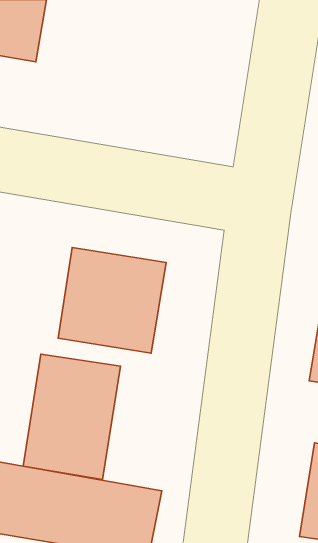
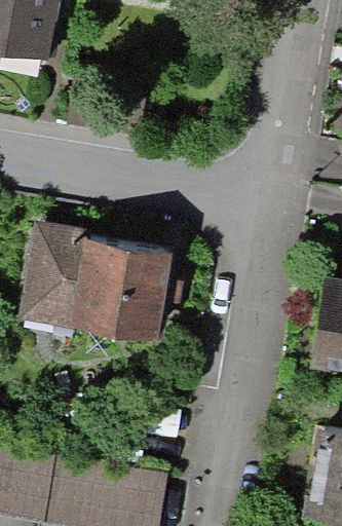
building: none -> [18,221,85,327]
building: [23,354,120,479] -> none

